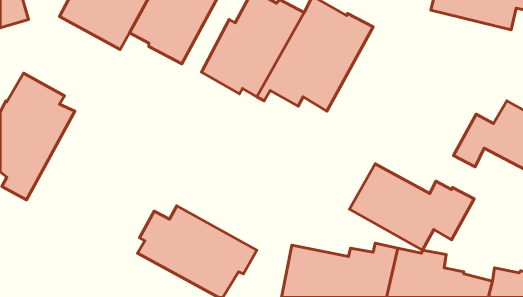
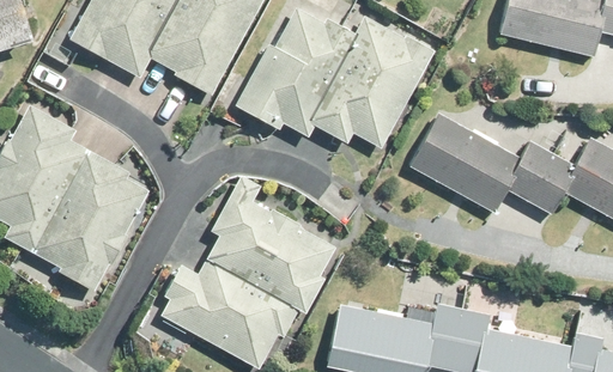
building: none -> [31,150,148,291]
building: none -> [206,176,336,315]
building: [350,164,474,250] -> [409,112,554,213]

